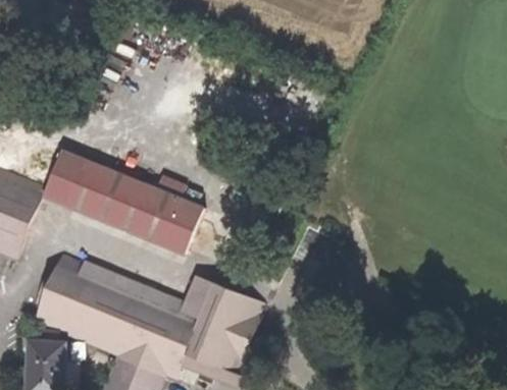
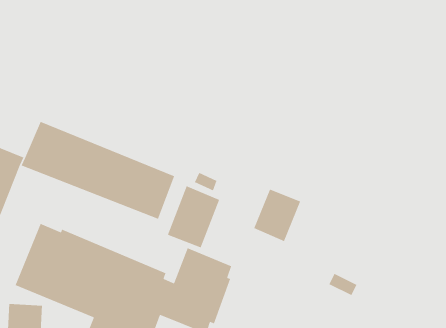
building: none -> [167,185,220,249]
building: none -> [253,188,301,242]

